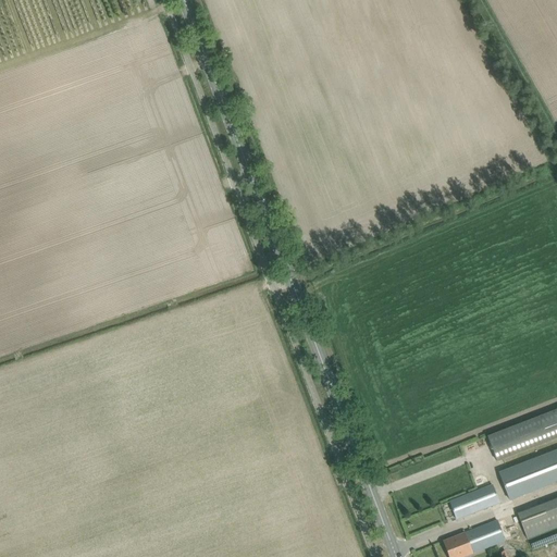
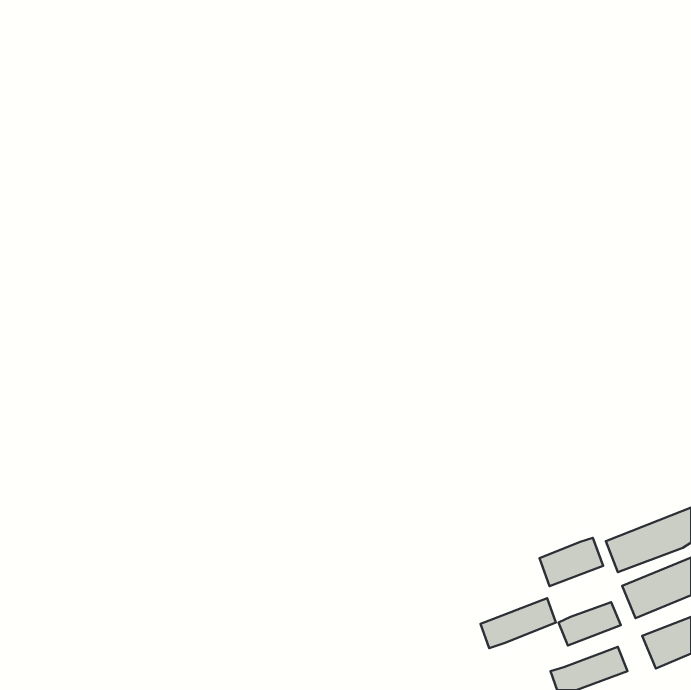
building: none -> [539,538,603,586]
building: none -> [481,598,556,648]

